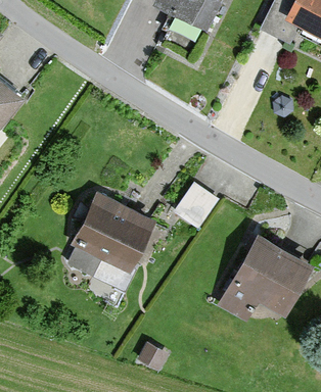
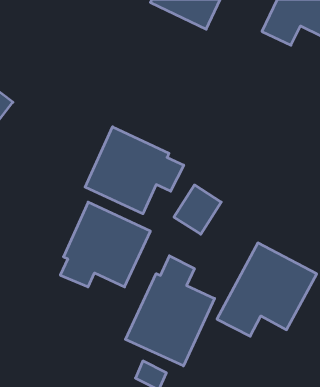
building: none -> [85,127,184,214]
building: none -> [125,256,215,366]

